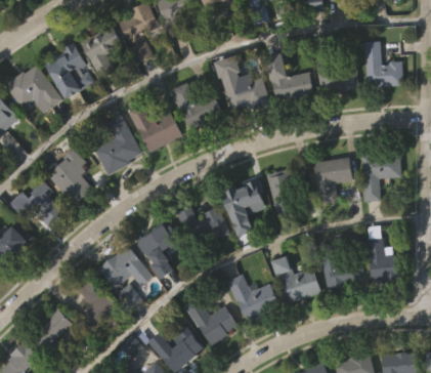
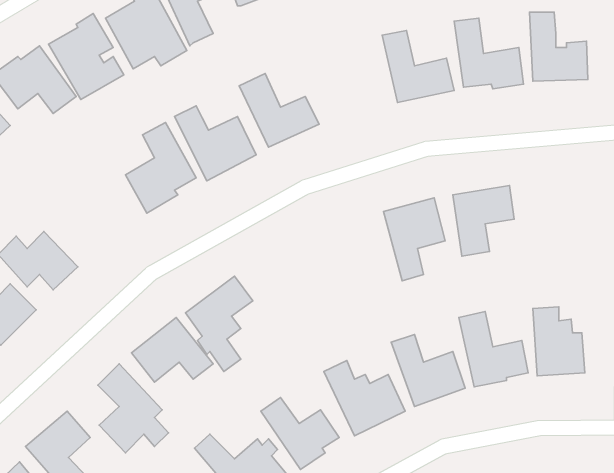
building: [218,59,269,110] -> none
building: [49,149,100,204] -> none
building: [361,153,400,202] -> none
building: [221,181,262,234] -> none
building: [176,206,230,251] -> none

